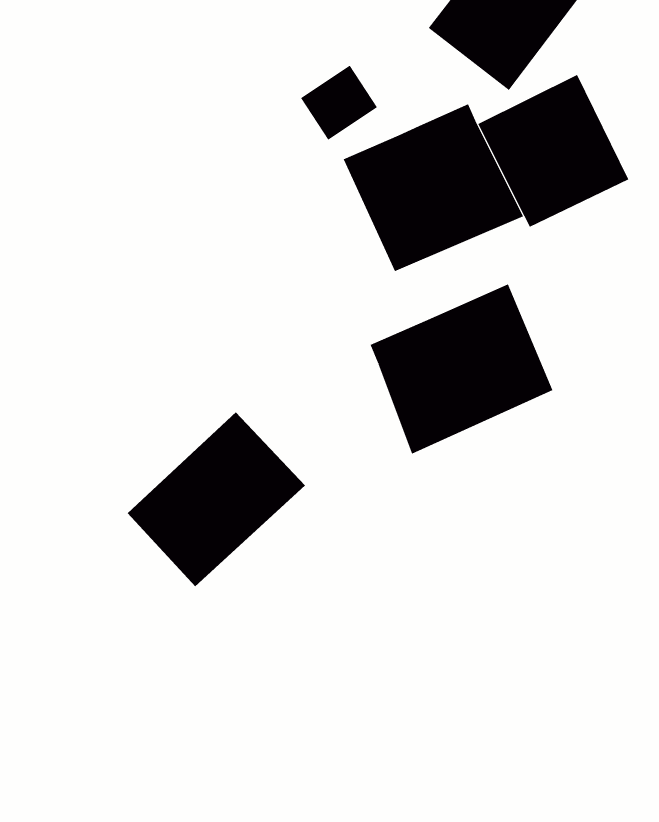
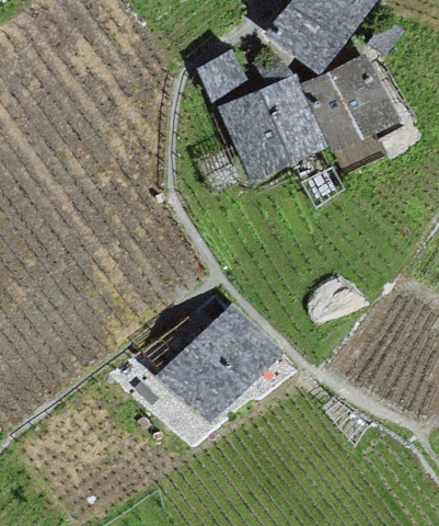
building: [370,283,553,455] -> none
building: [127,412,306,587] -> [166,307,273,411]

